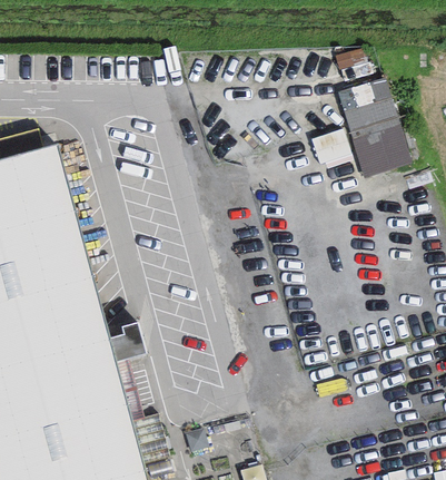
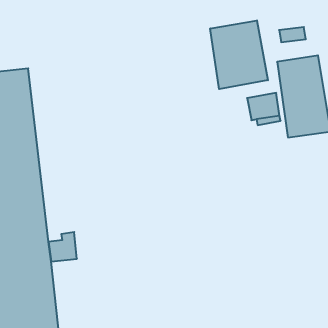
building: none -> [210,20,268,89]

